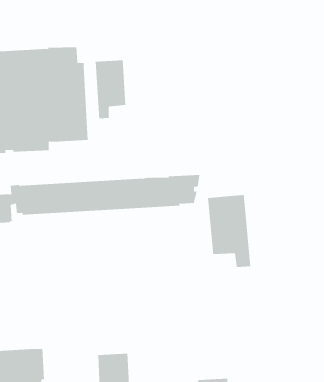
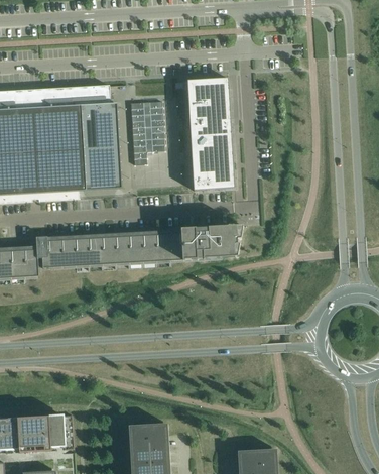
building: none -> [186,77,234,189]
building: [208,194,251,268] -> none

